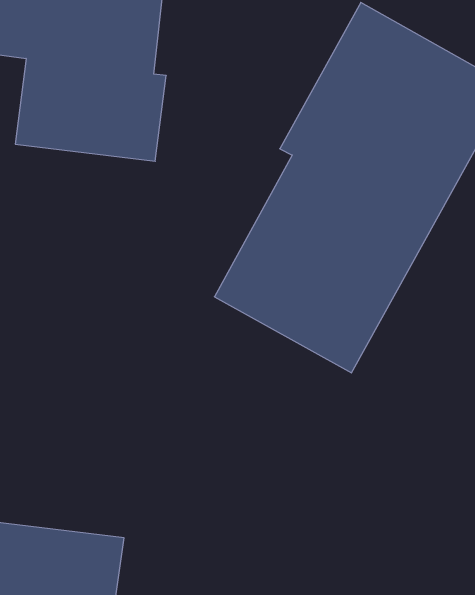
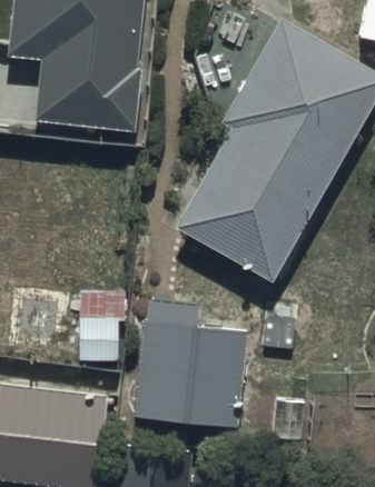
building: none -> [135,306,245,433]

